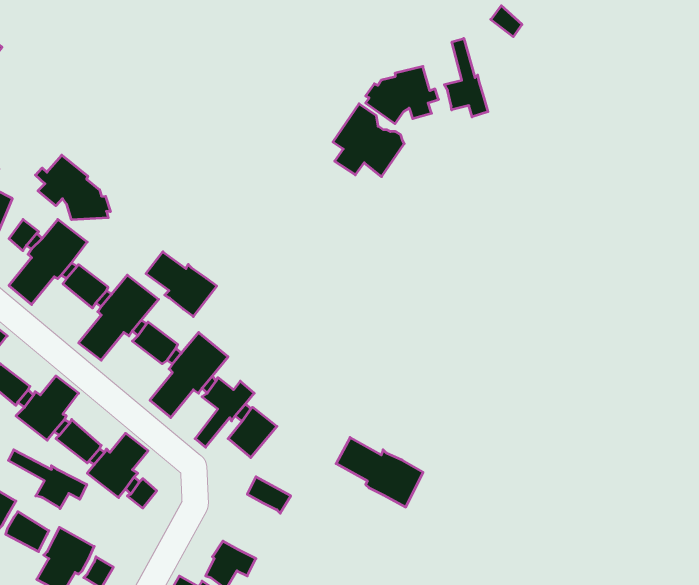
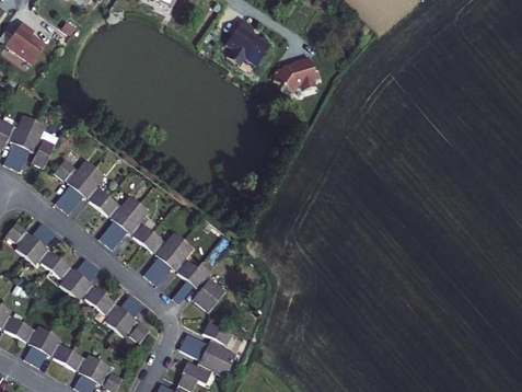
building: [444,38,488,117] -> none
building: [333,104,404,177] -> [229,25,274,71]
building: [35,155,110,220] -> none
building: [146,252,217,317] -> none
building: [336,437,423,507] -> [178,332,233,376]
building: [8,450,87,509] -> none

